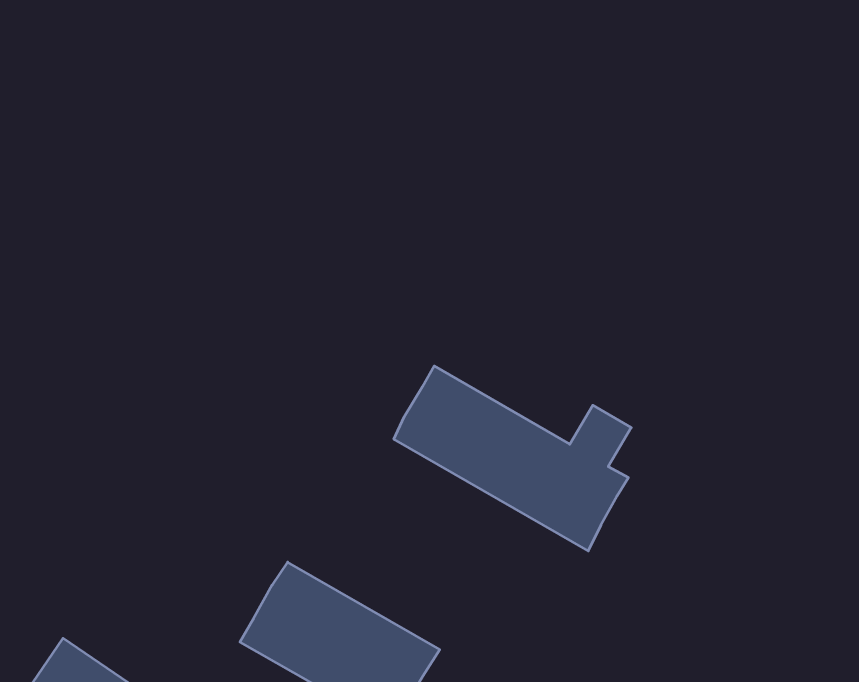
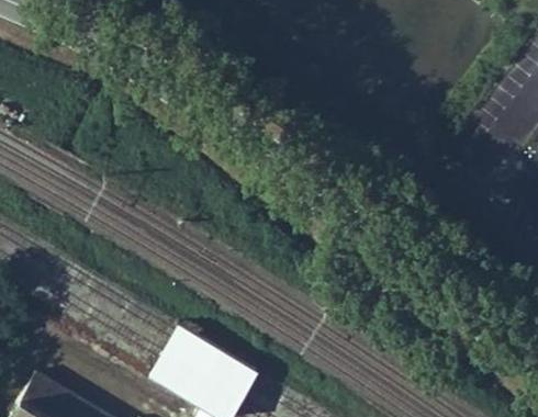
building: [394,366,631,551] -> none

